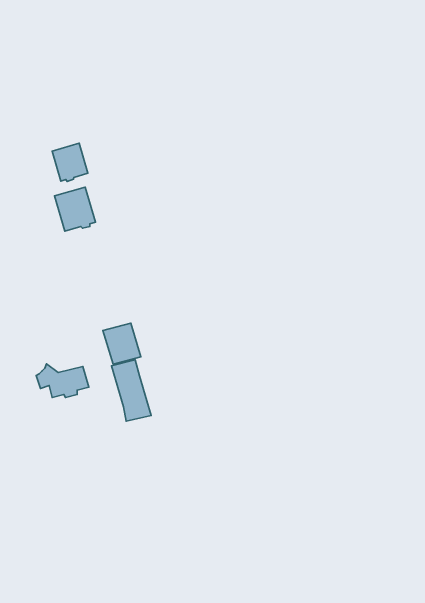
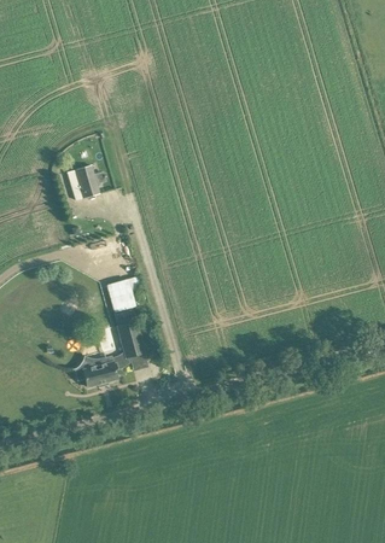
building: [52,143,88,182] -> none
building: [36,364,89,397] -> [75,358,118,386]

